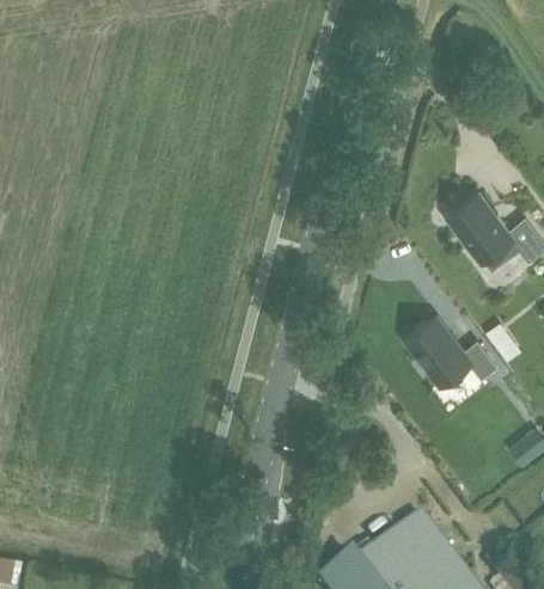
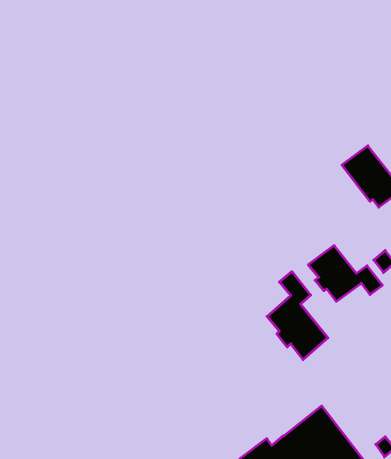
building: none -> [267,272,328,360]

